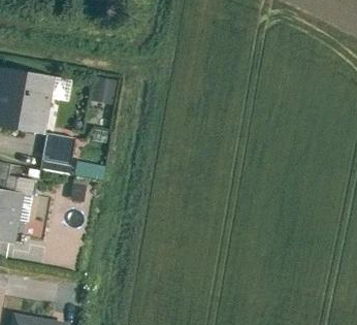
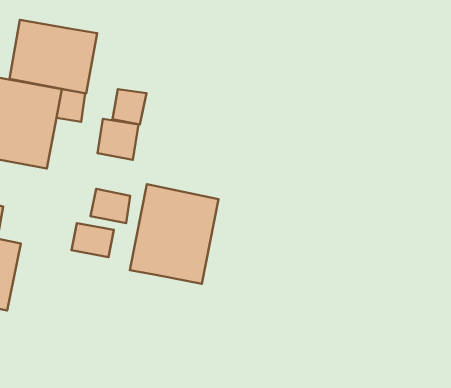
building: none -> [9,20,97,93]
building: [42,133,73,164] -> [97,119,138,160]
building: none -> [130,184,219,284]

